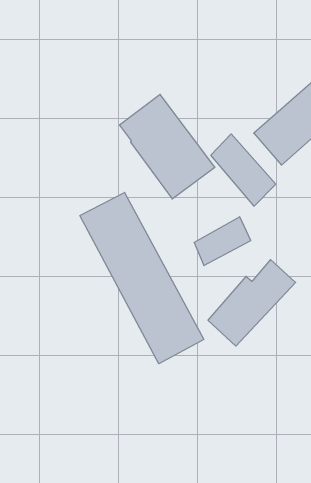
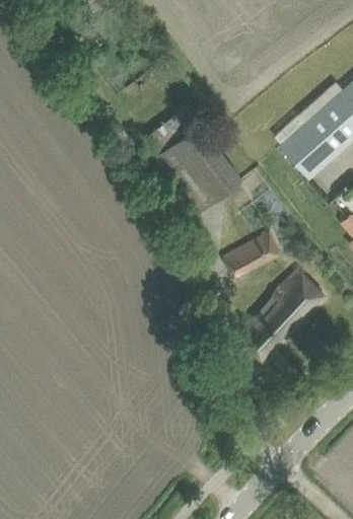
building: [211,134,276,206] -> none
building: [80,192,204,364] -> none

